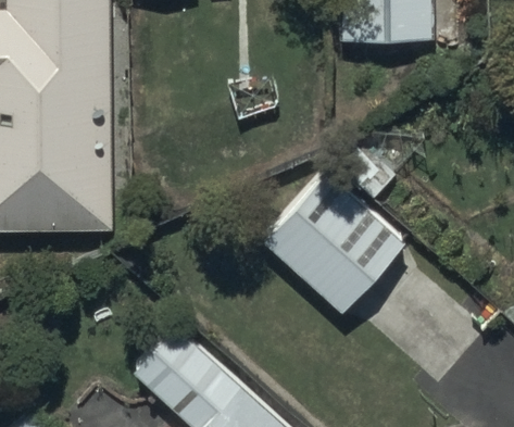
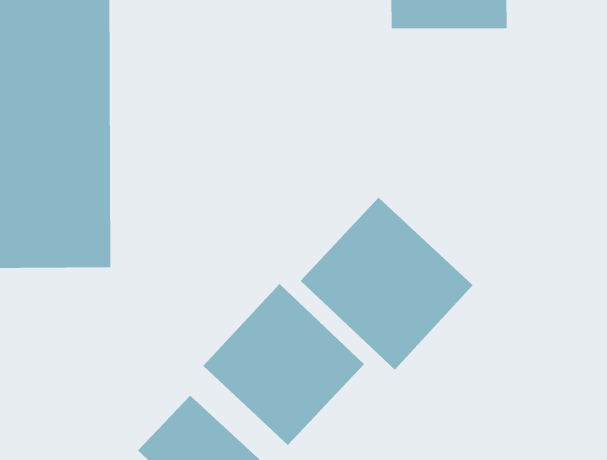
building: none -> [202,283,365,446]

